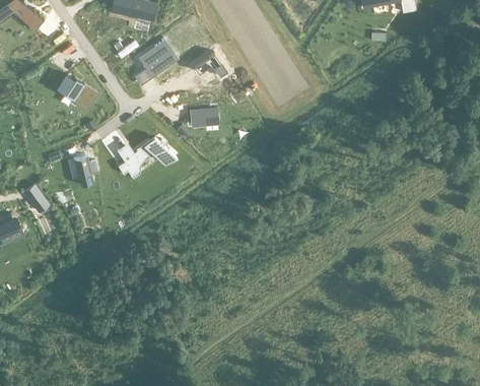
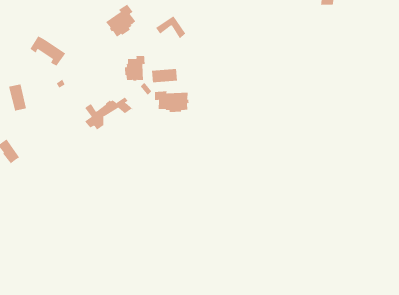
building: none -> [125,54,145,82]
building: none -> [153,90,189,113]
building: [71,155,91,185] -> [8,84,27,111]

